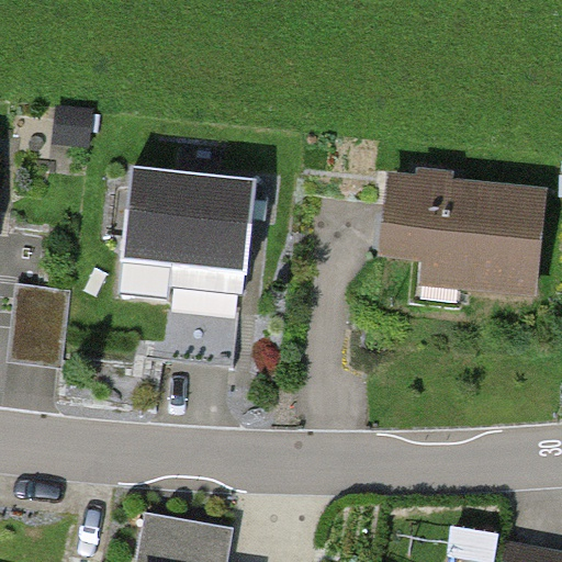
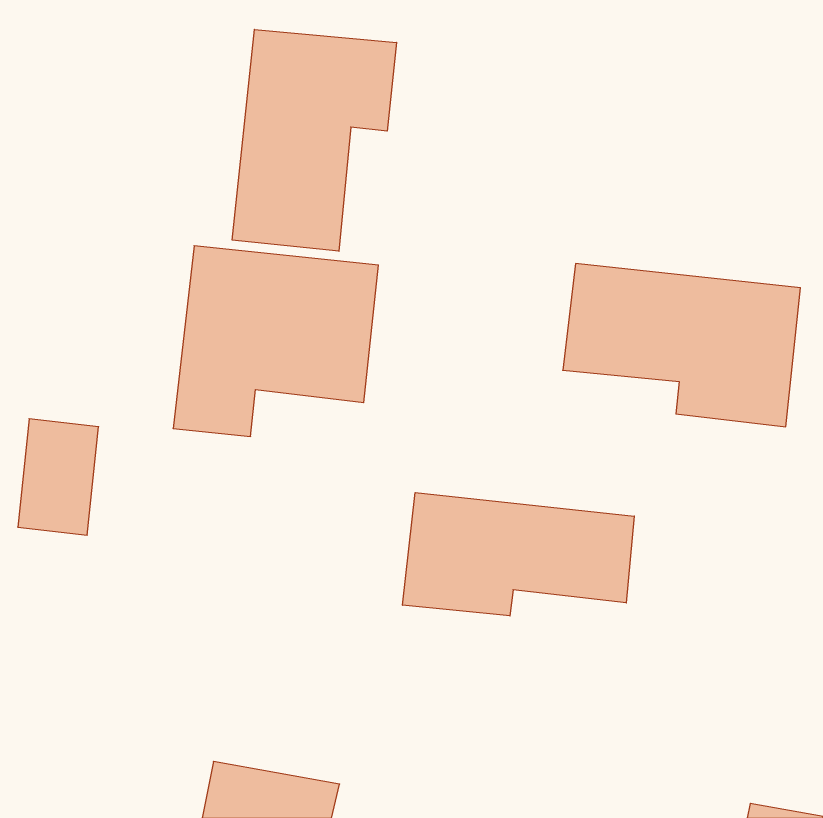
building: none -> [232,29,397,251]
building: none -> [403,493,634,616]

